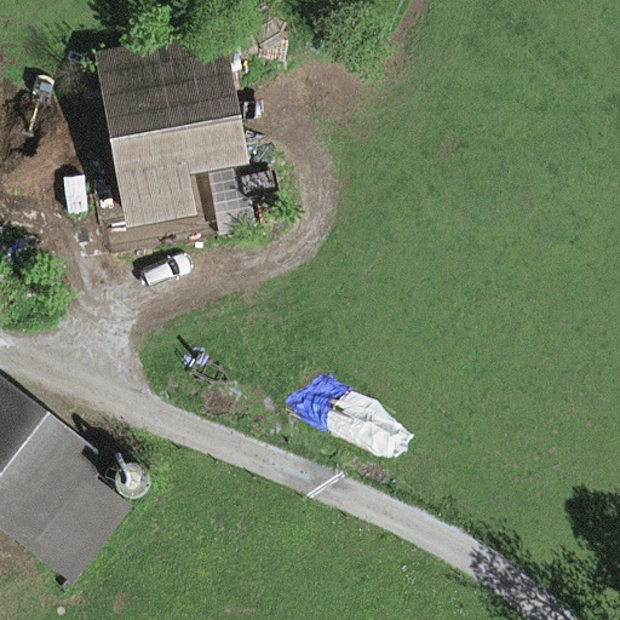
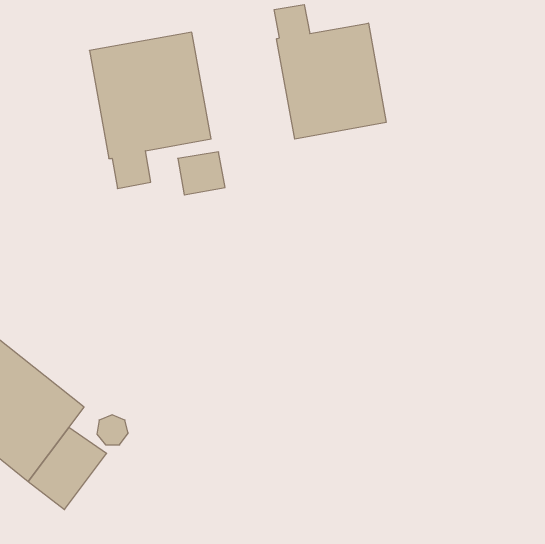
building: none -> [274,5,386,139]

